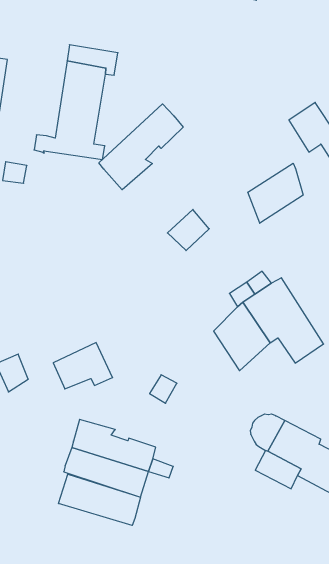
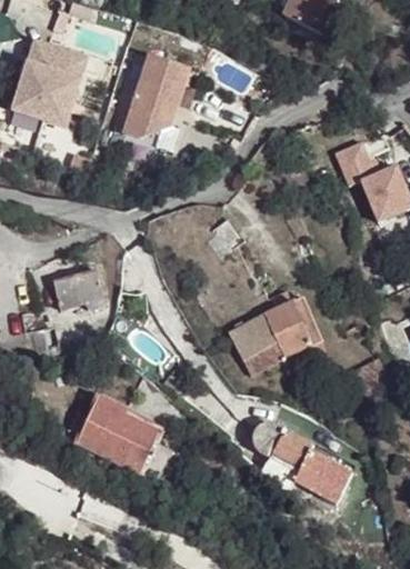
building: [99,104,183,190] -> none
building: [248,163,303,223] -> none
building: [53,343,113,389] -> [53,269,106,308]
building: [59,474,141,525] -> none

